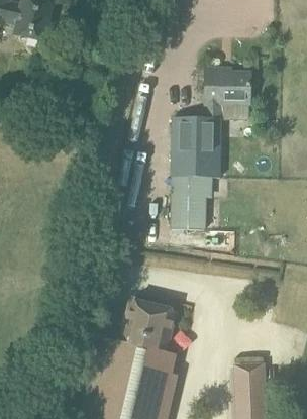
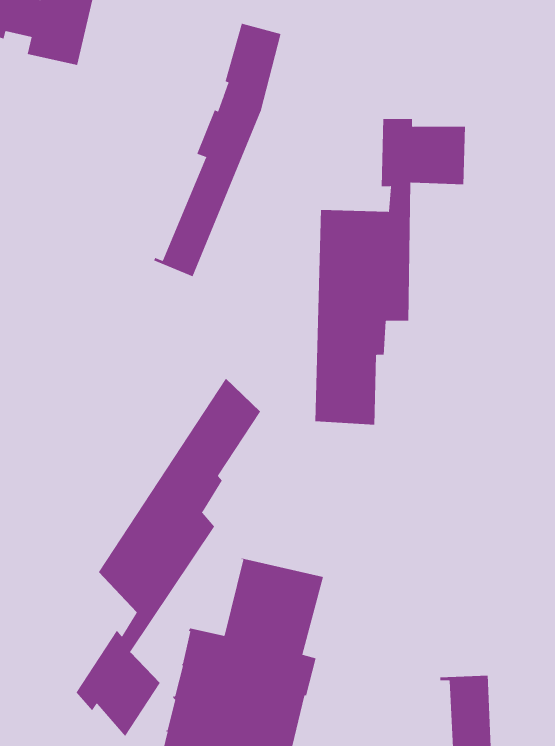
building: none -> [153,23,281,277]
building: none -> [76,378,261,737]

